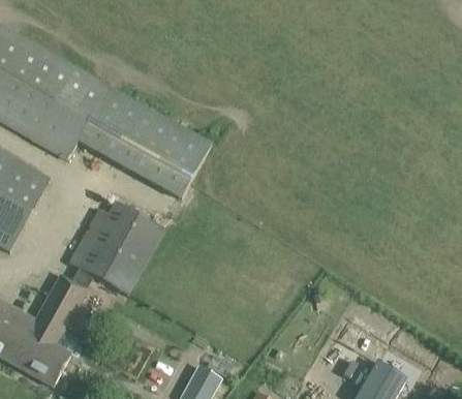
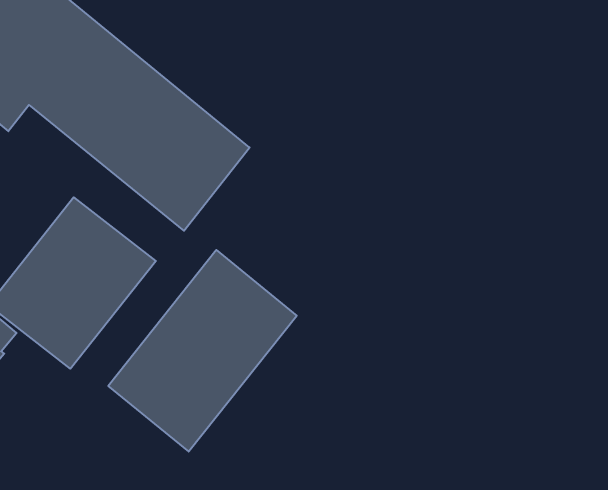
building: none -> [108,250,297,452]

